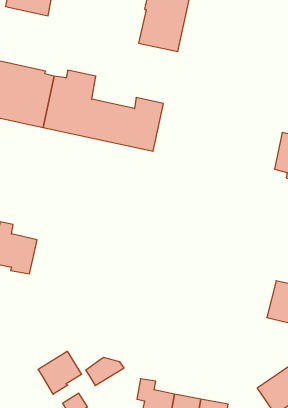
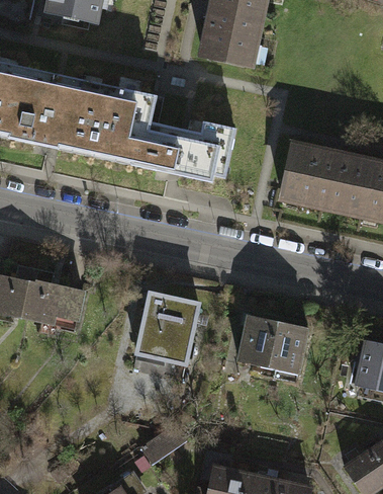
building: none -> [282,146,373,210]
building: none -> [137,294,200,363]
building: none -> [237,314,309,383]
building: [38,351,82,394] -> none

